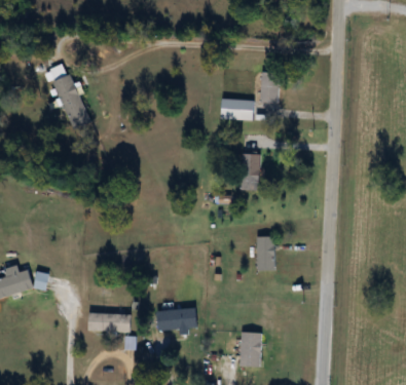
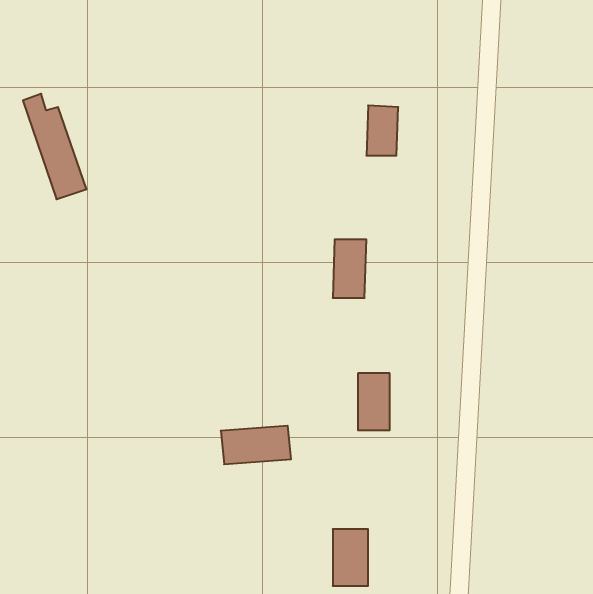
building: [220,99,254,120] -> none
building: [154,308,197,332] -> [221,426,291,464]
building: [87,313,132,332] -> none

